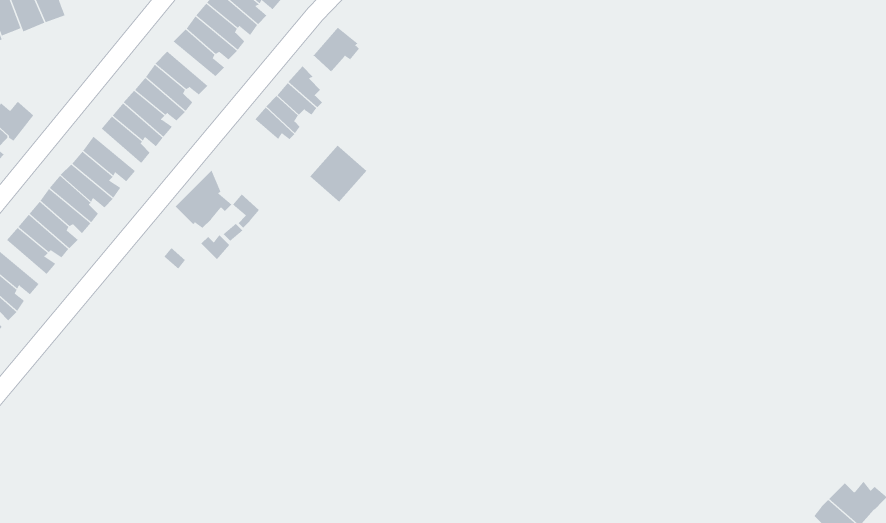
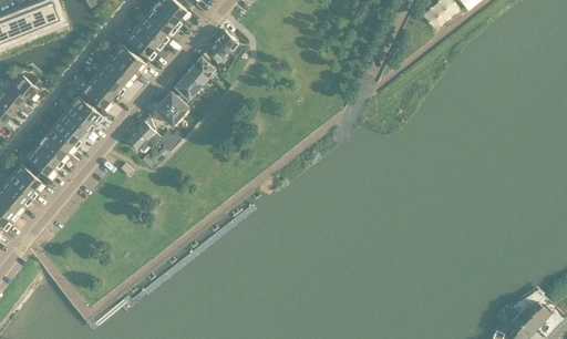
building: [310,145,367,202] -> [154,91,188,125]

